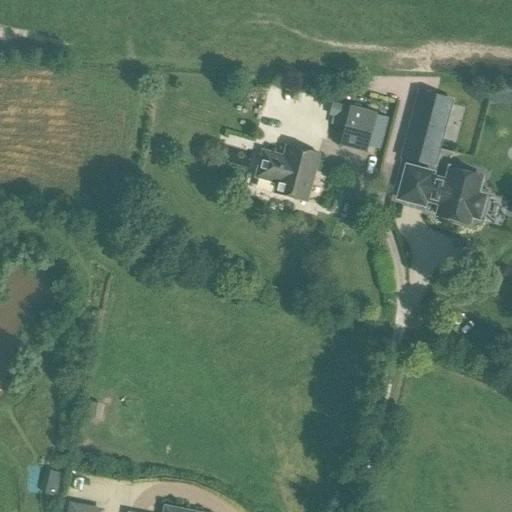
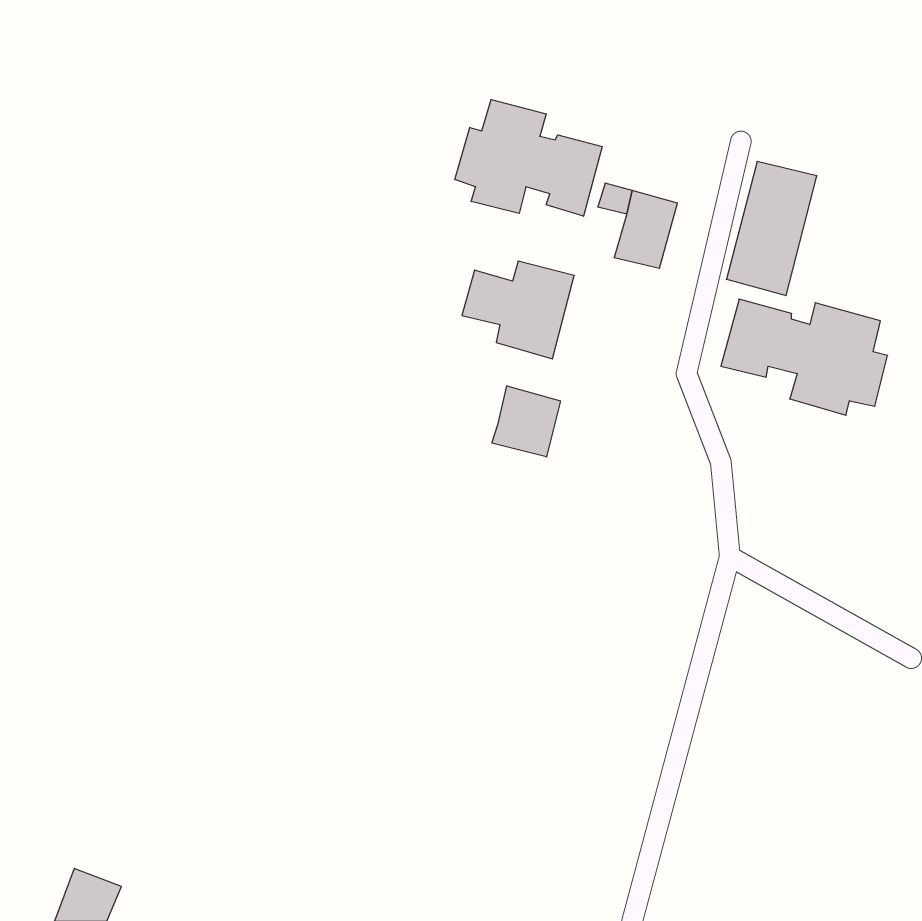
building: none -> [455,99,602,216]
building: none -> [492,386,561,457]

